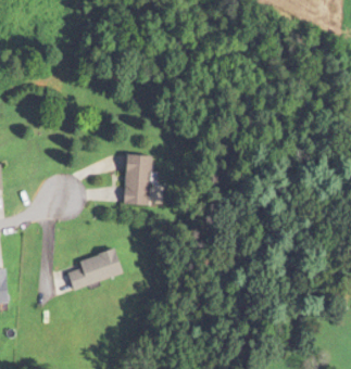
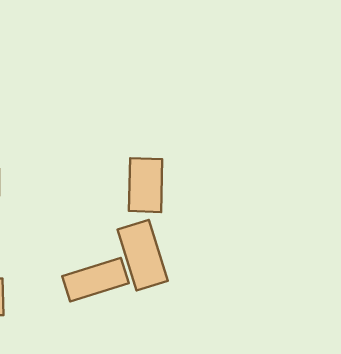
building: none -> [117,220,168,291]

